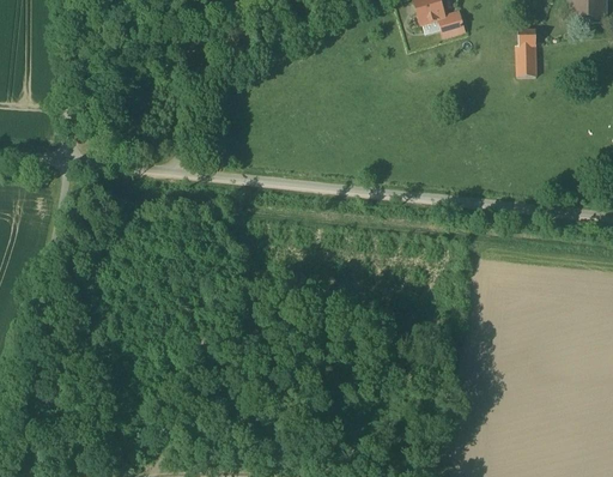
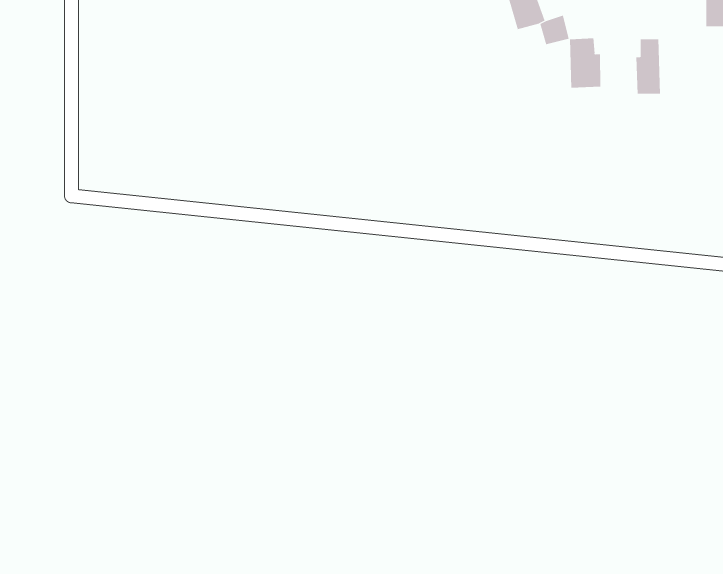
building: none -> [570,38,601,89]

